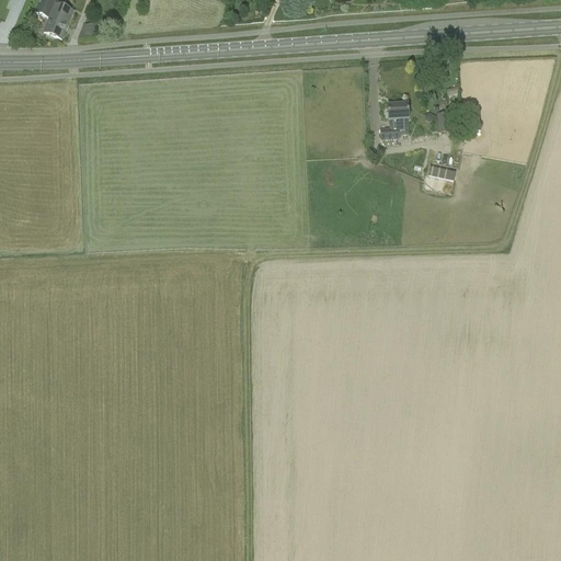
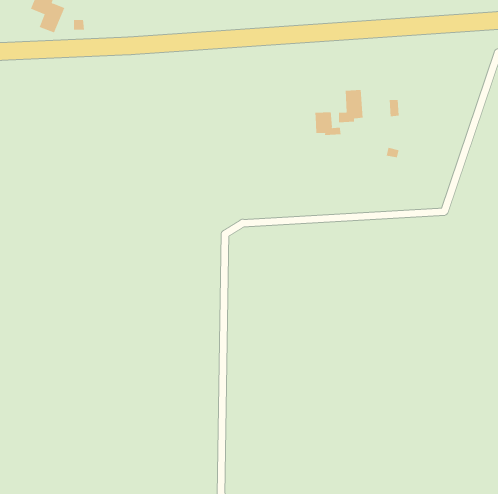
building: none -> [315,111,341,136]

